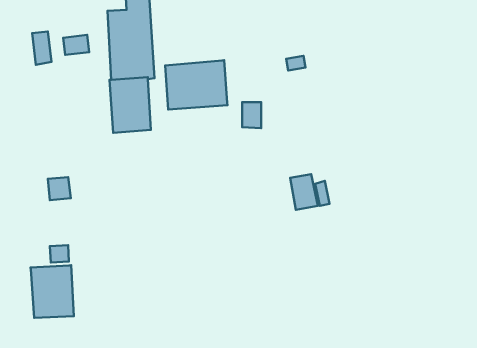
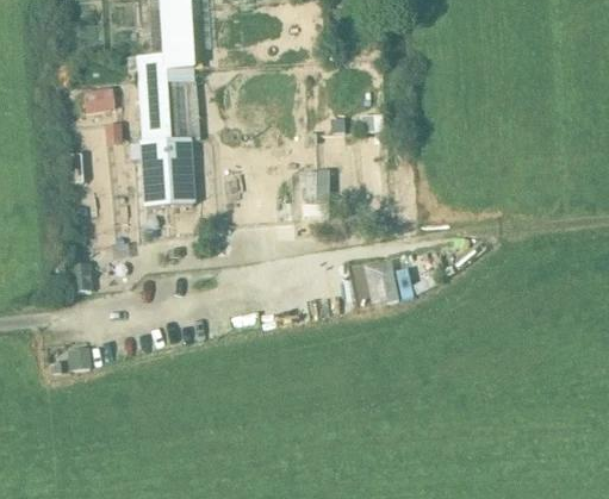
building: [32,31,52,65] -> none
building: [165,60,227,110] -> none
building: [31,265,74,318] -> none

